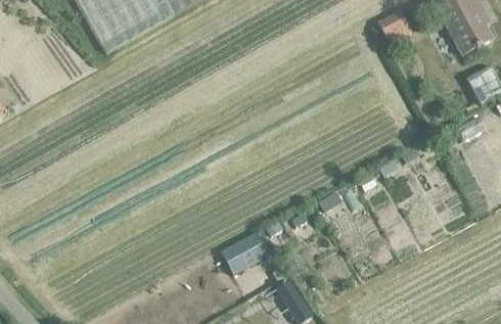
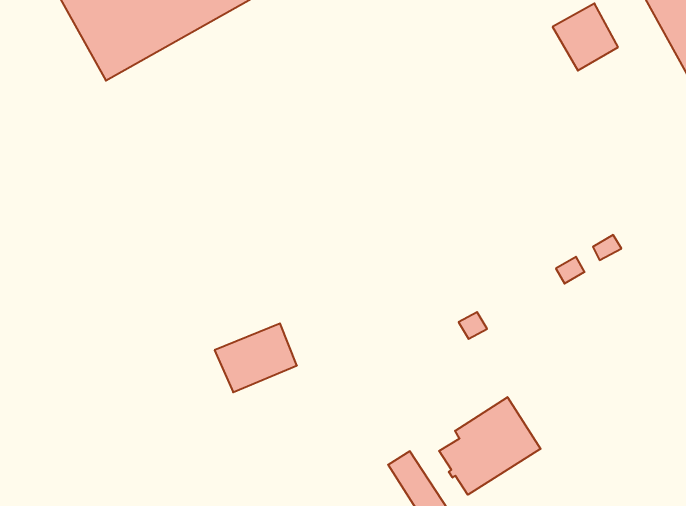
building: [222,230,272,272] -> [215,323,297,392]
building: none -> [439,397,541,495]

